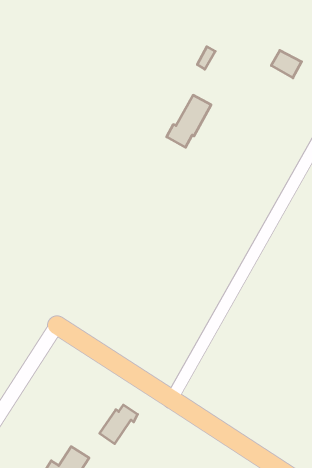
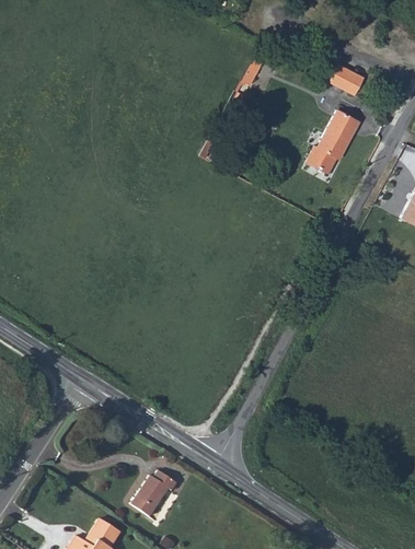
building: [167,95,211,147] -> [307,110,358,171]

